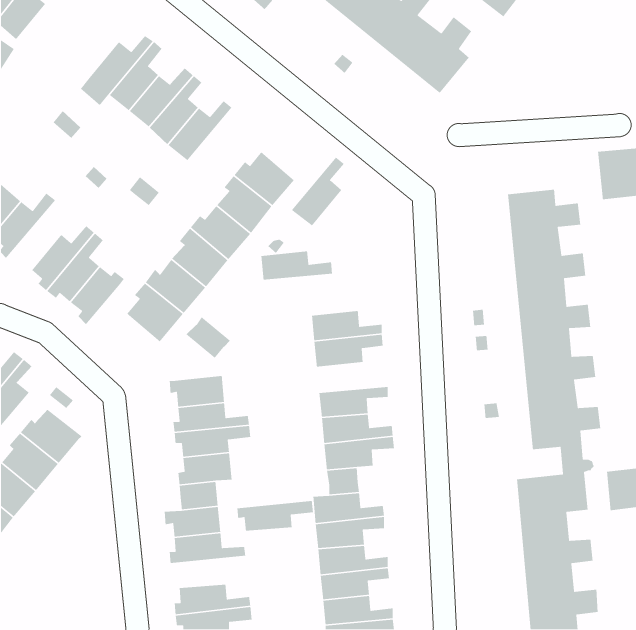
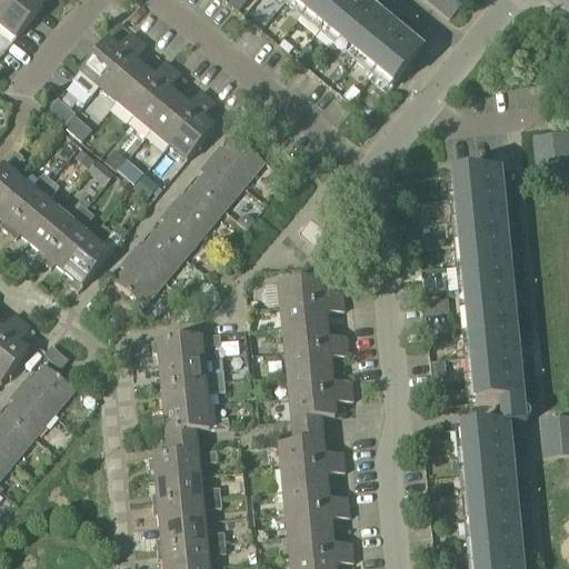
building: [291,156,345,226] -> [169,96,217,158]
building: none -> [8,178,60,240]
building: [260,250,333,280] -> [283,322,348,349]
building: [186,316,231,359] -> none
building: [236,500,314,531] -> [153,495,222,522]

